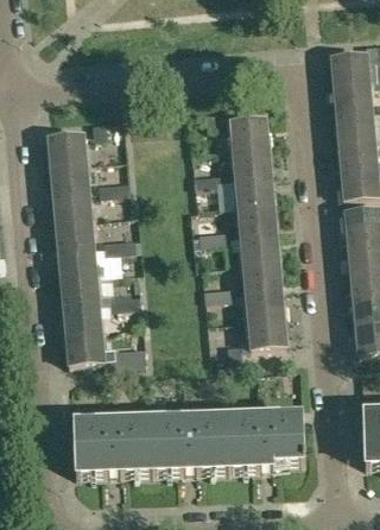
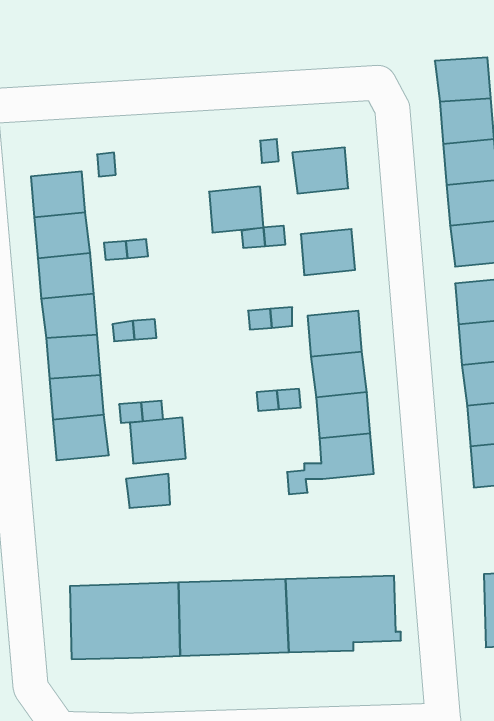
building: [233,144,271,176] -> [209,187,263,233]
building: [238,201,276,233] -> none
building: [64,330,103,362] -> [130,418,186,463]

